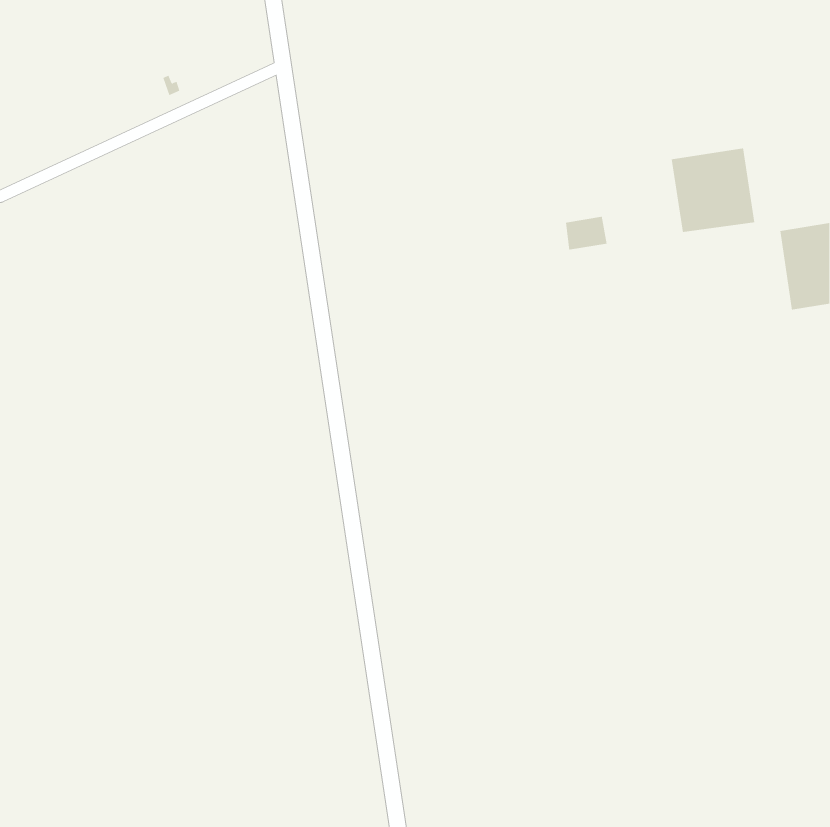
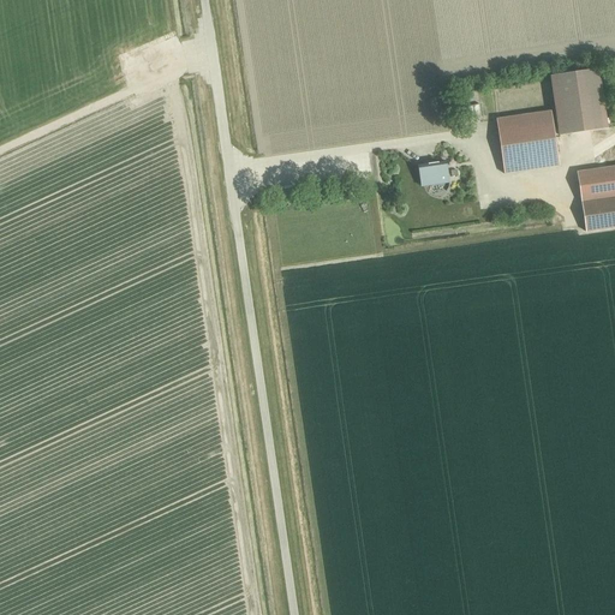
building: none -> [550,67,607,133]

